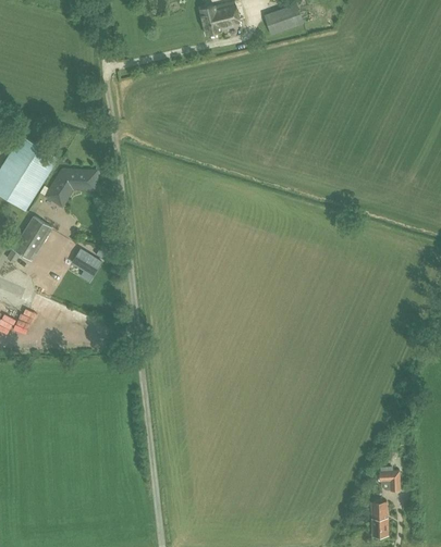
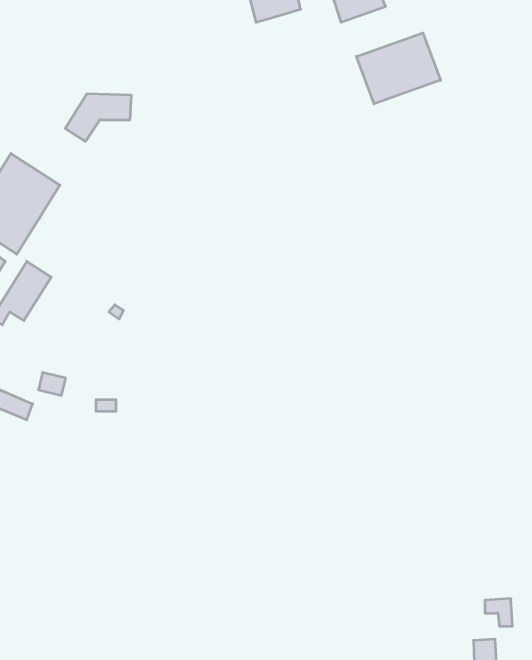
building: none -> [356,33,441,104]
building: [46,171,96,207] -> [65,94,131,141]
building: [70,248,100,276] -> none

